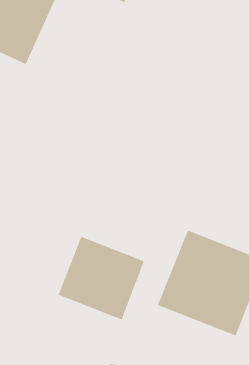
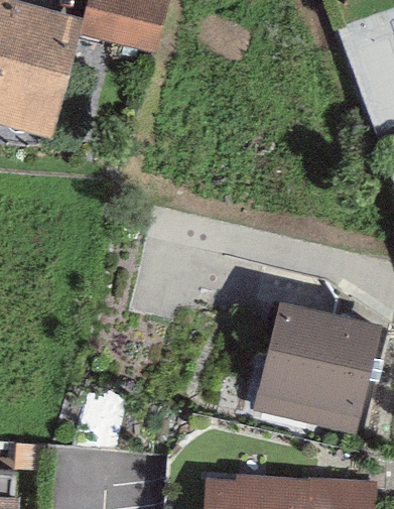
building: [57,236,145,321] -> none

